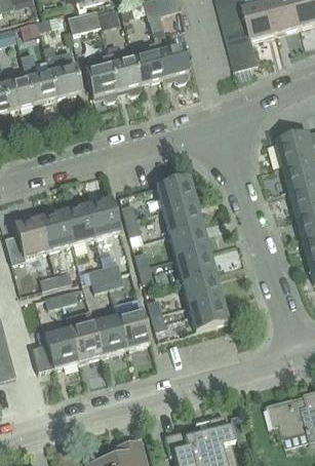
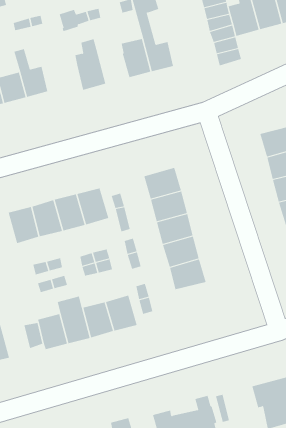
building: [42,44,80,98] -> none
building: [107,50,140,89] -> none
building: [188,297,227,329] -> none

